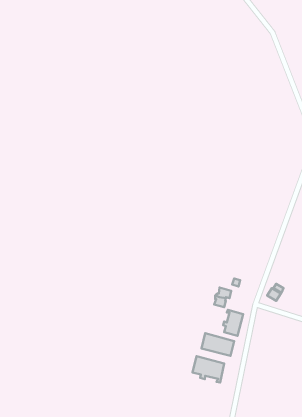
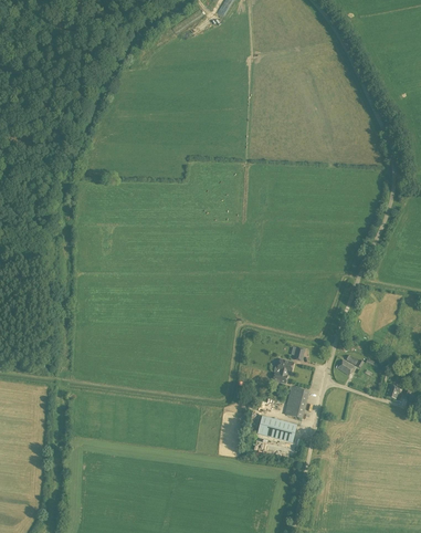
building: [192,356,224,382] -> none

